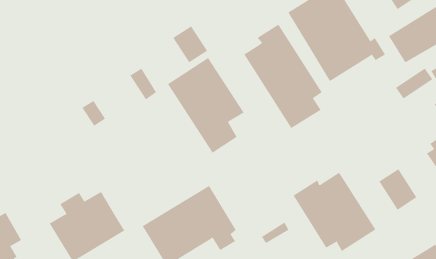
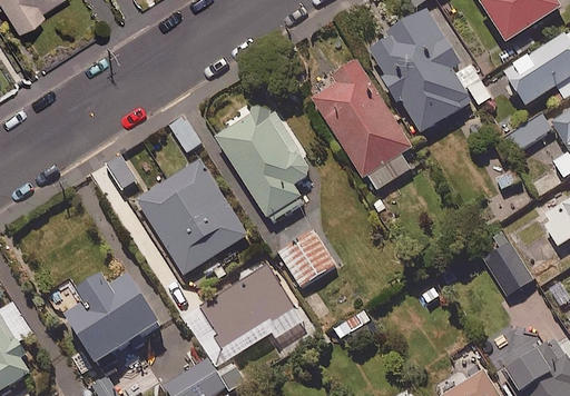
building: [172,26,208,63] -> none
building: none -> [136,160,245,275]
building: none -> [278,230,335,287]
building: [293,172,376,252] -> none

